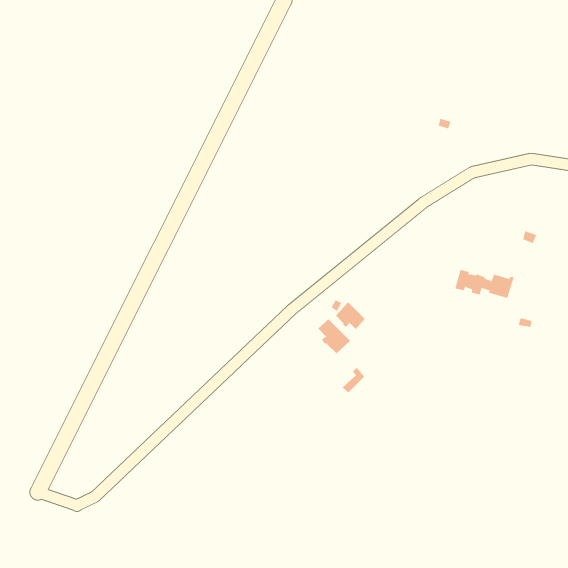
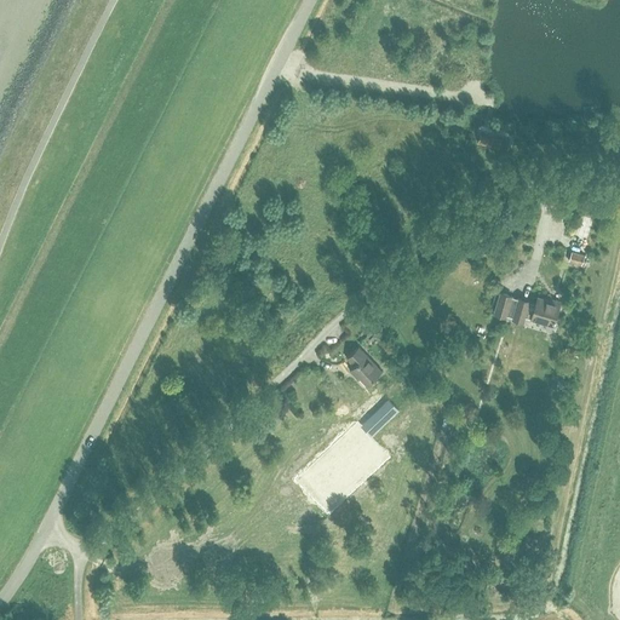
building: [335,302,366,330] -> none

